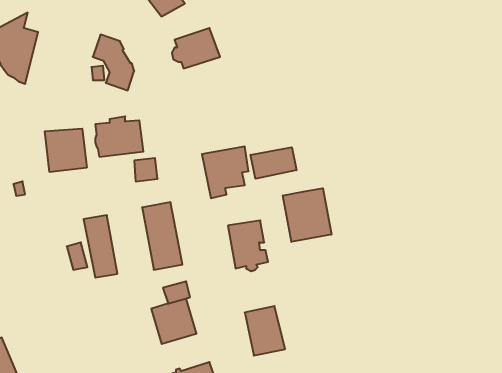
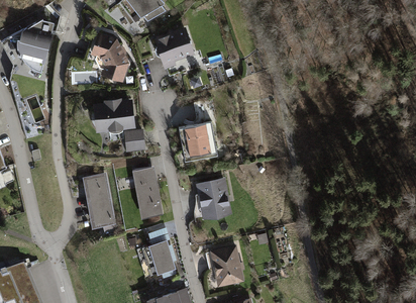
building: [45,129,87,172] -> none
building: [251,147,296,179] -> none
building: [283,188,331,242] -> none

